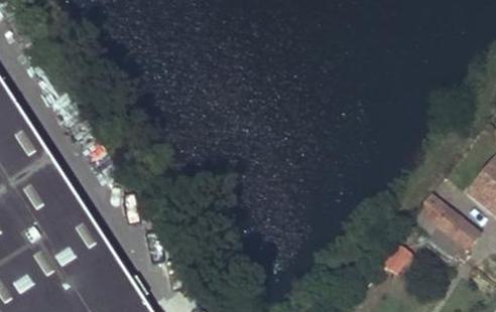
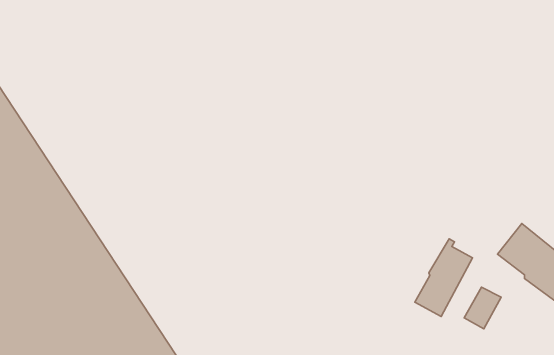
building: none -> [415,239,473,316]

